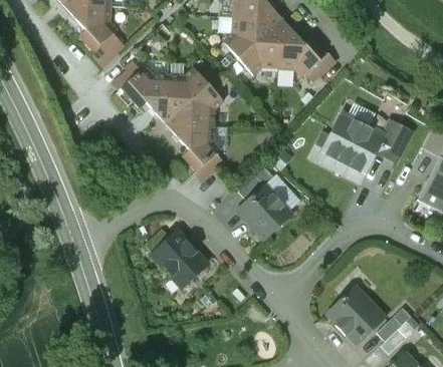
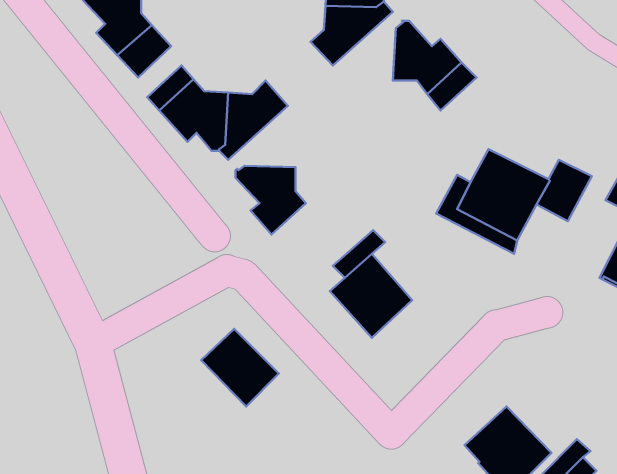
building: [239,21,286,74] -> none
building: [169,84,224,127] -> none

